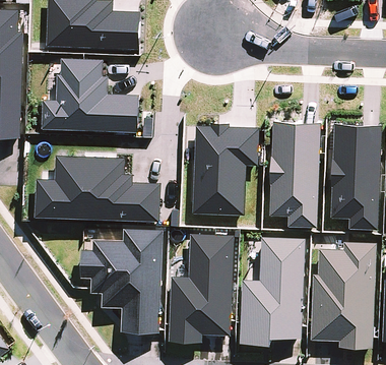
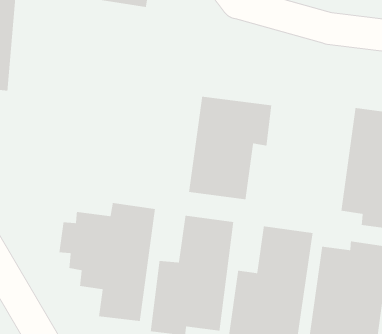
building: [42,59,139,133] -> none
building: [268,122,321,228] -> none
building: [35,156,162,222] -> none

